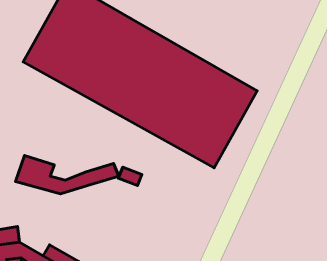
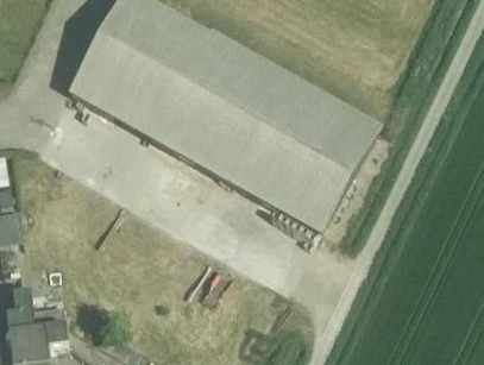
building: none -> [68,29,382,233]
building: [16,156,119,194] -> none

